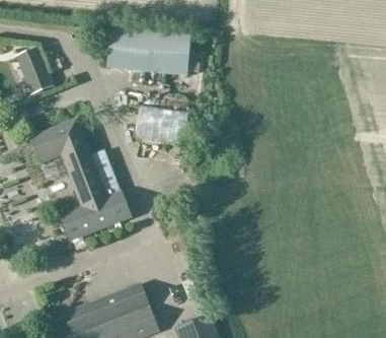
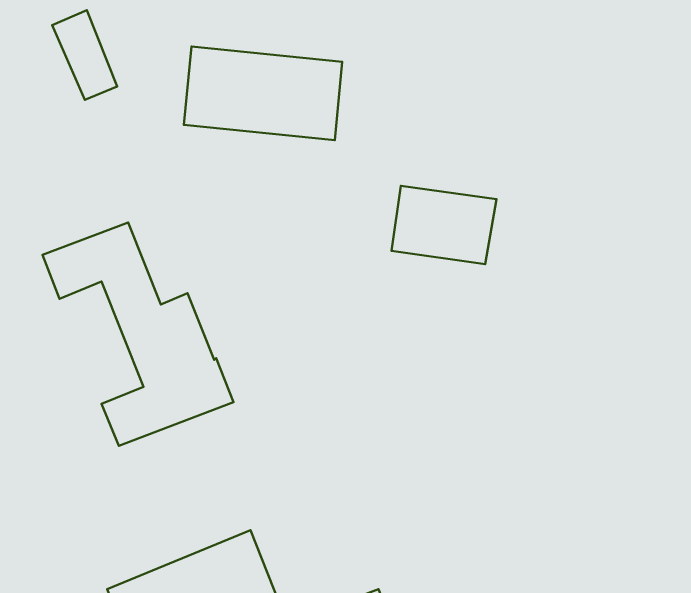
building: [17,47,52,94] -> [52,10,117,100]
building: [133,103,188,144] -> [391,186,496,264]

